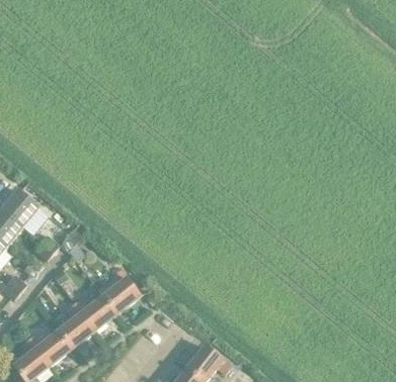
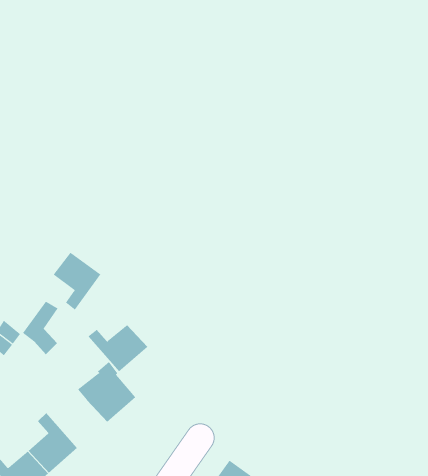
building: none -> [53,252,101,311]
building: [73,296,116,330] -> [87,324,148,372]

